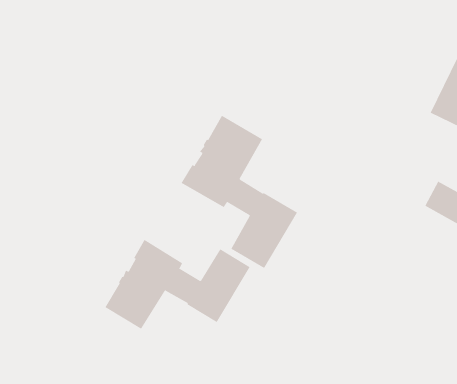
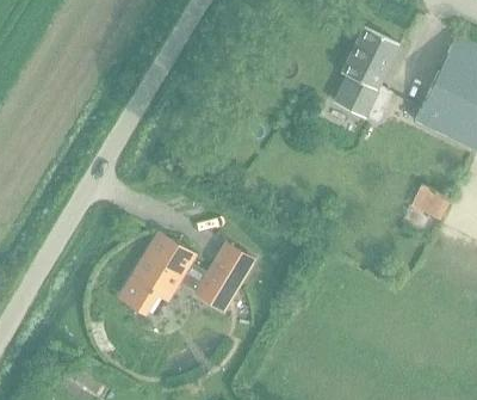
building: none -> [335,29,401,123]
building: [181,115,298,269] -> none

